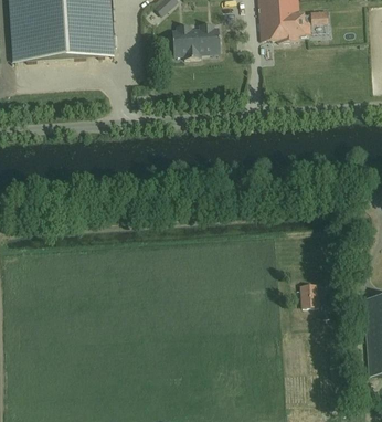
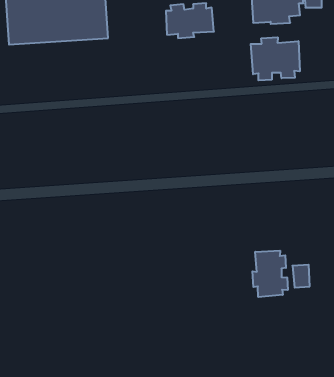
building: none -> [251,37,300,80]
building: none -> [252,251,288,297]

